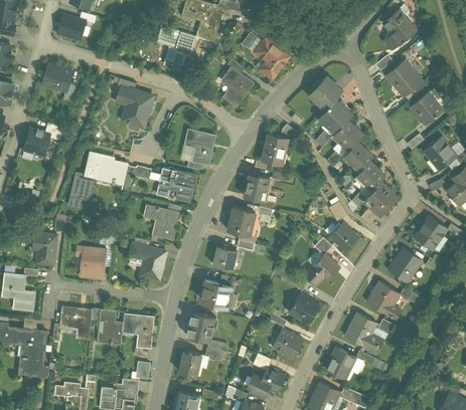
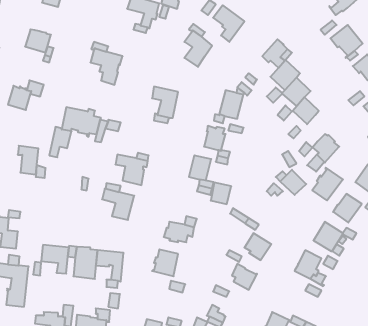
building: [355,162,385,191] -> none
building: [155,169,194,203] -> none
building: none -> [312,168,343,200]
building: [33,233,56,265] -> [18,146,38,174]
building: [76,246,106,278] -> none
building: [212,246,236,270] -> [211,183,231,204]
building: [305,254,338,283] -> none
building: [324,348,355,380] -> none
building: [179,351,200,374] -> none
building: [259,367,285,392] -> none

